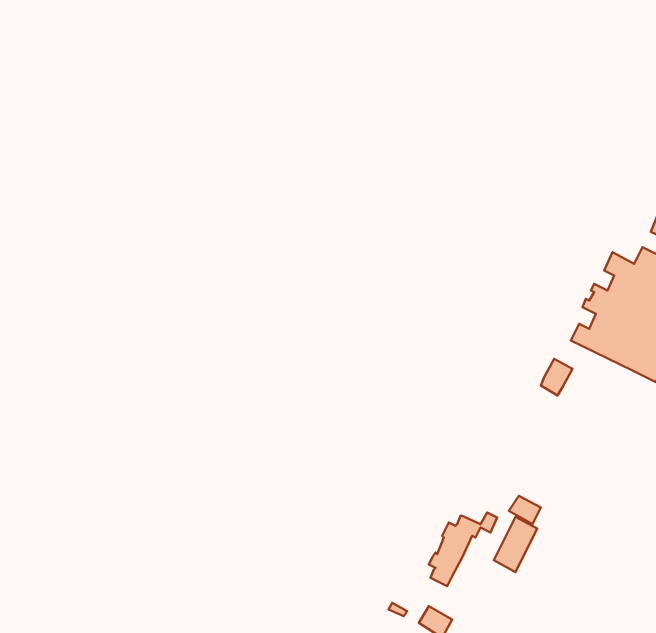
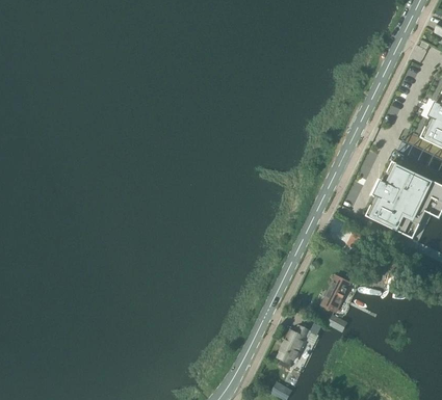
building: [494,517,537,572] -> [321,275,348,310]

